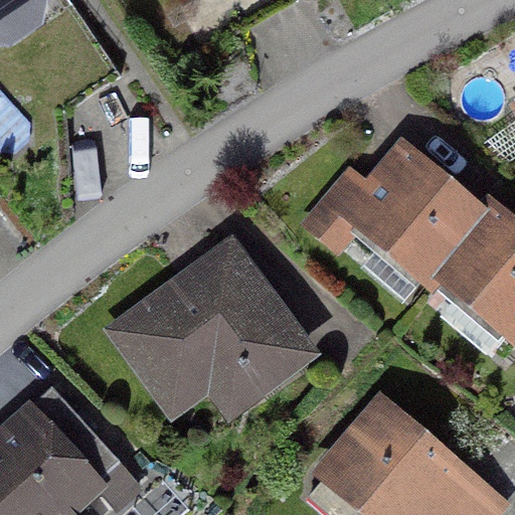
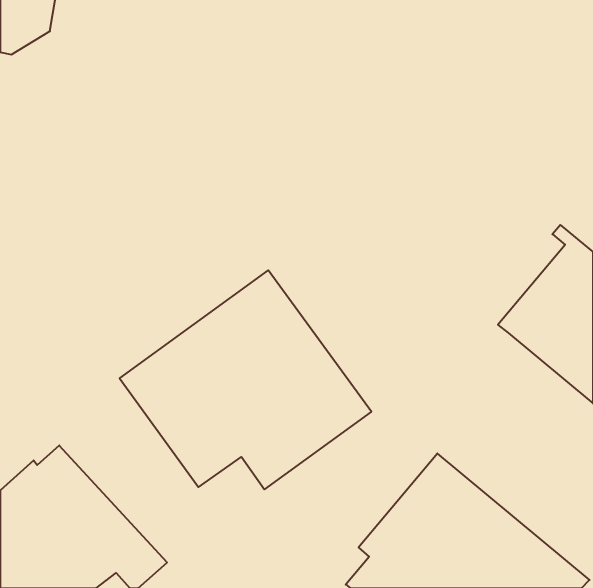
building: [299,139,490,299] -> none

